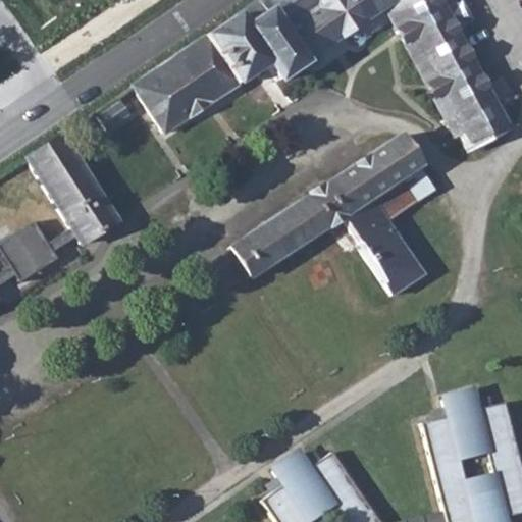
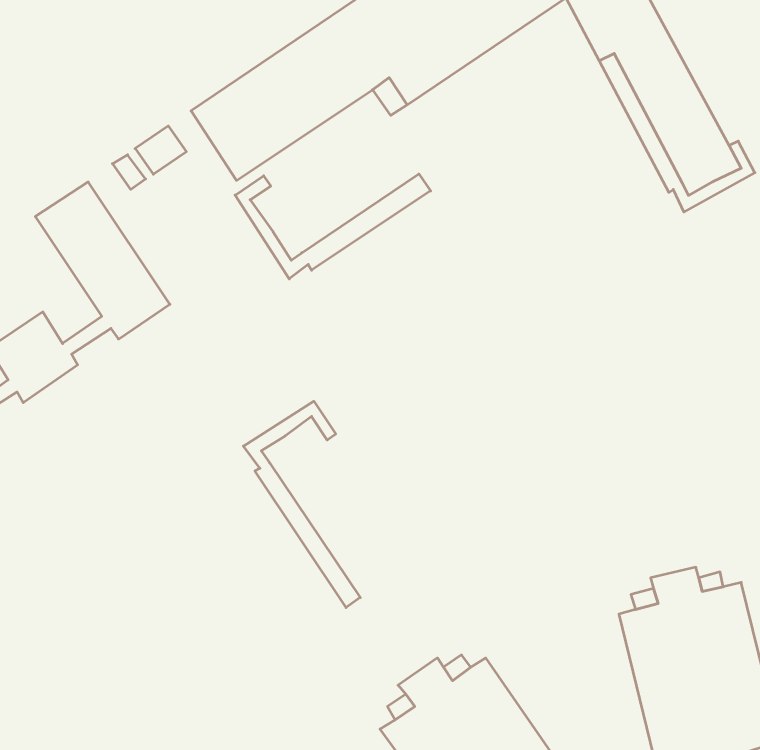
building: none -> [235,174,431,279]
building: [230,137,435,296] -> none
building: none -> [243,401,360,608]

